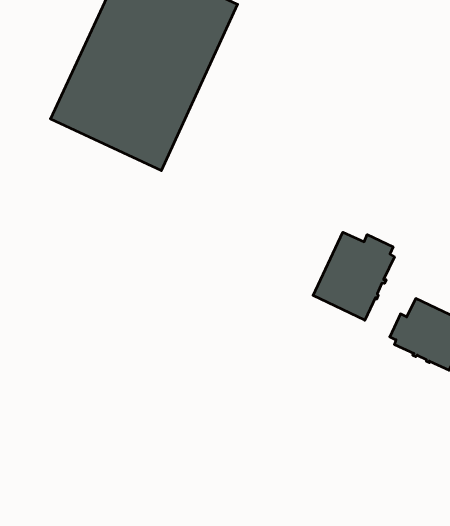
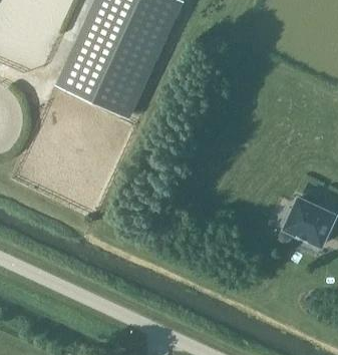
building: [313,232,394,320] -> none

